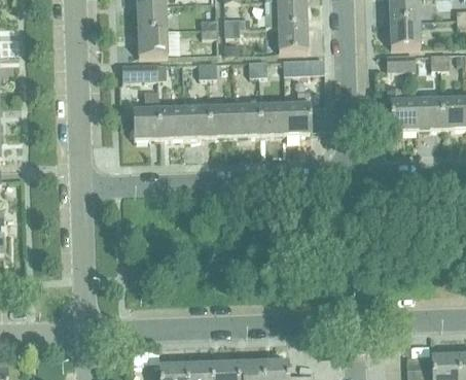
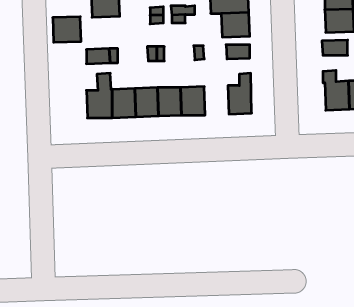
building: [138,29,169,57] -> [53,17,81,42]
building: [259,104,286,136] -> none

